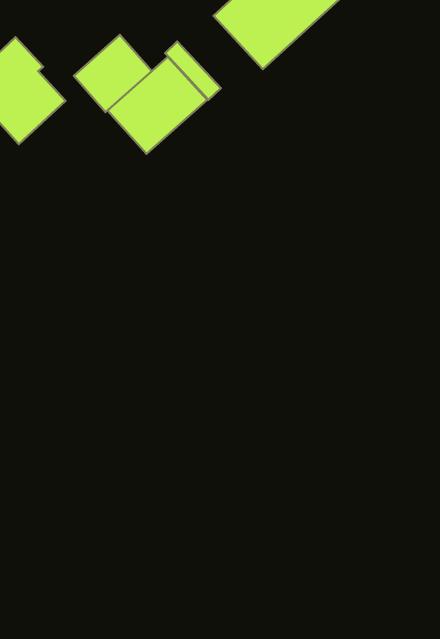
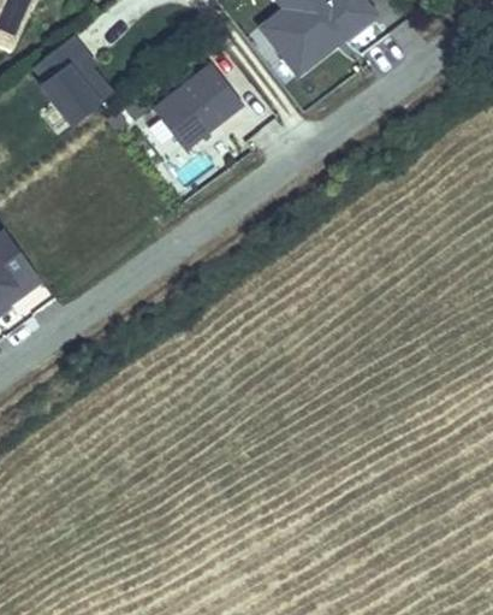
building: [74,35,152,112] -> none

